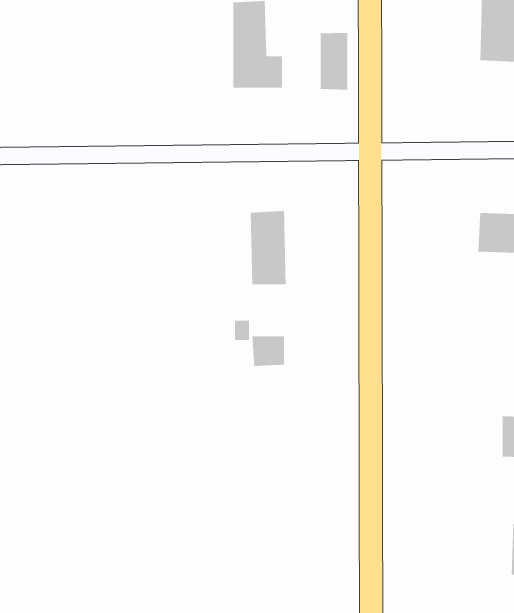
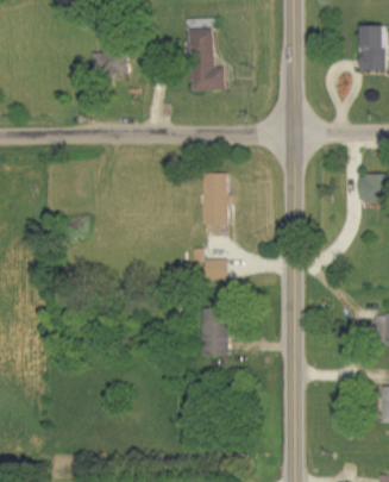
building: [320,32,348,90] -> none
building: none -> [92,51,126,74]
building: none -> [201,313,227,355]

